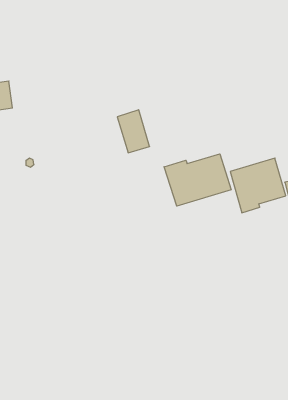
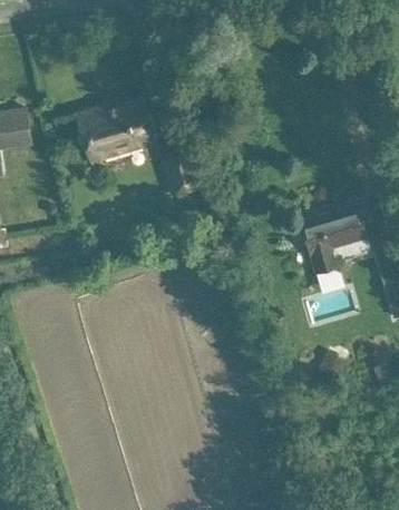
building: none -> [76,99,154,160]
building: [164,154,231,206] -> none

